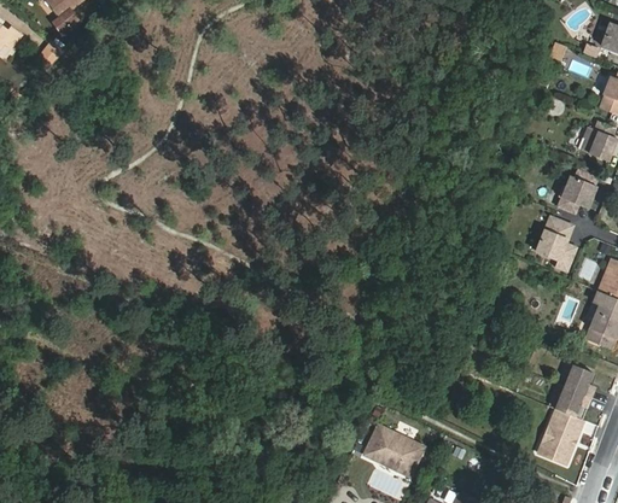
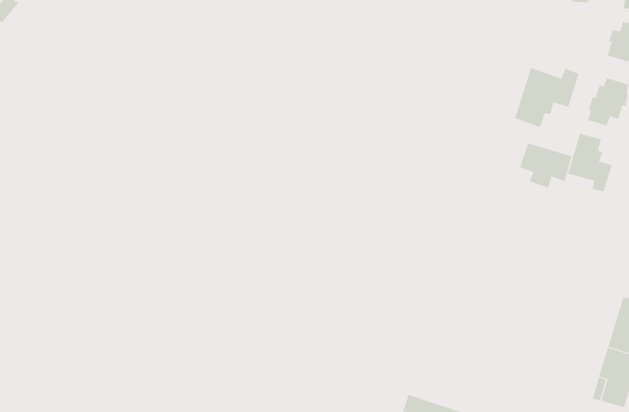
building: none -> [514,67,579,128]
building: none -> [519,142,572,189]

